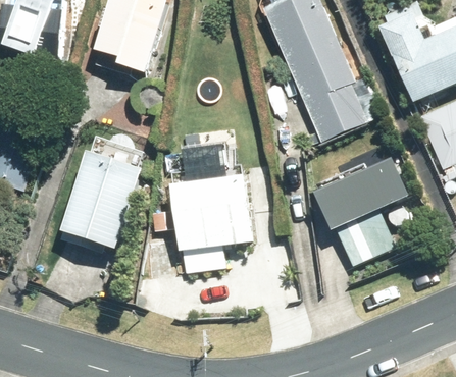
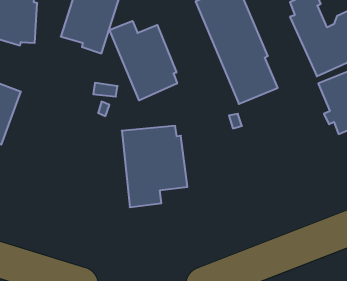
building: none -> [109,21,177,100]
building: [61,151,141,250] -> none
building: [315,165,412,262] -> none

